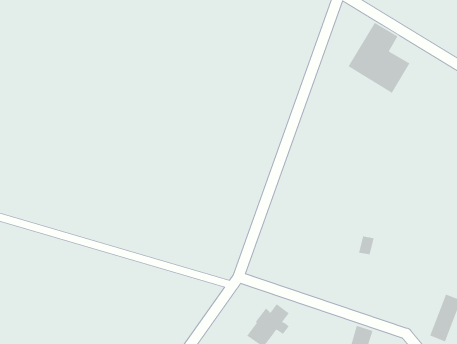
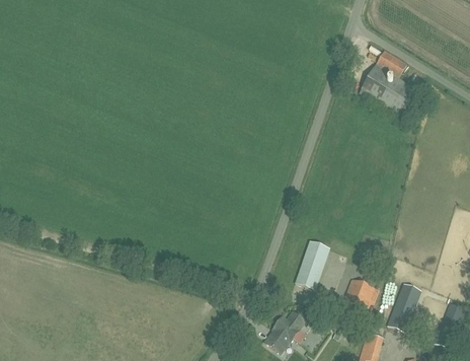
building: none -> [295,240,328,289]
building: none -> [343,278,378,310]
building: none -> [389,285,419,330]

